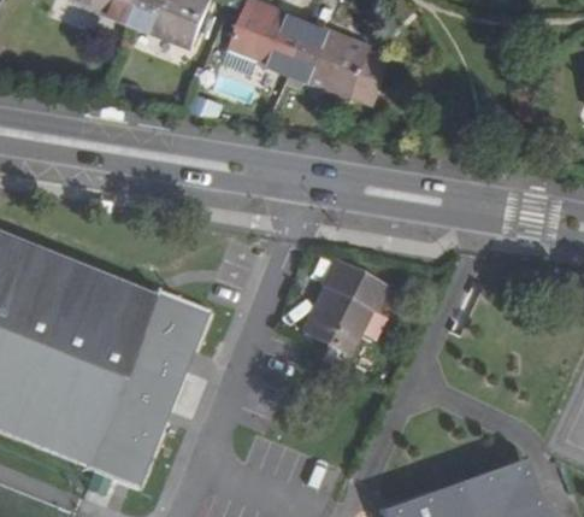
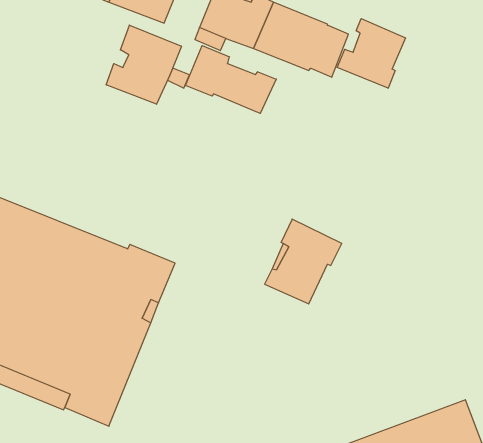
building: none -> [337,19,405,88]
building: none -> [106,25,181,104]
building: none -> [186,46,276,113]

